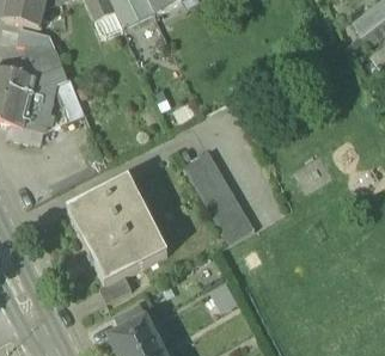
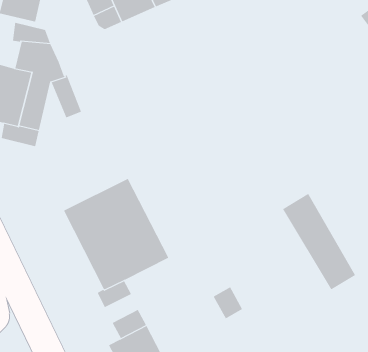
building: [183,148,253,241] -> [282,193,356,290]

